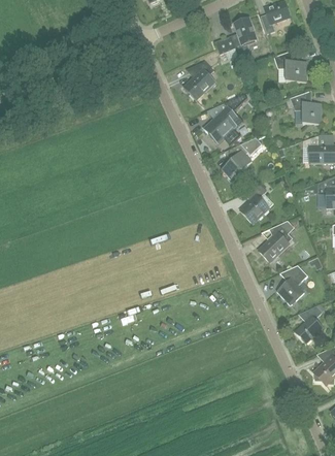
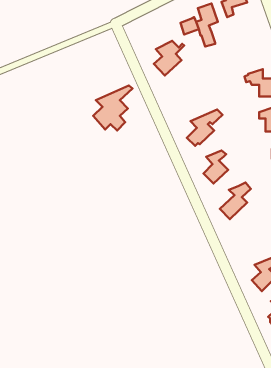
building: [272,50,306,82] -> none
building: [203,94,247,144] -> [93,86,133,130]
building: [275,264,306,304] -> none

